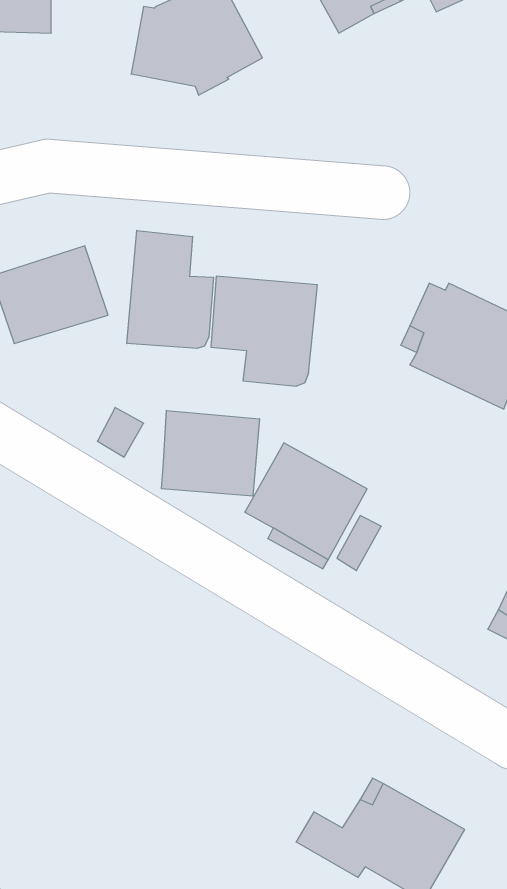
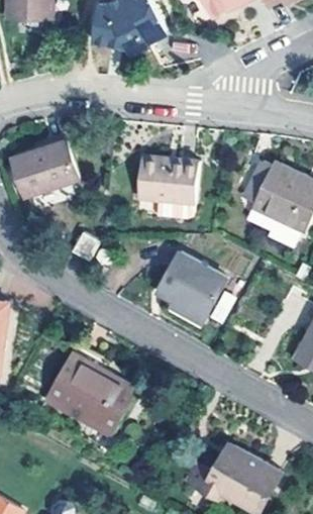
building: [127,230,213,348] -> none
building: [161,410,259,496] -> none
building: none -> [45,344,136,434]

